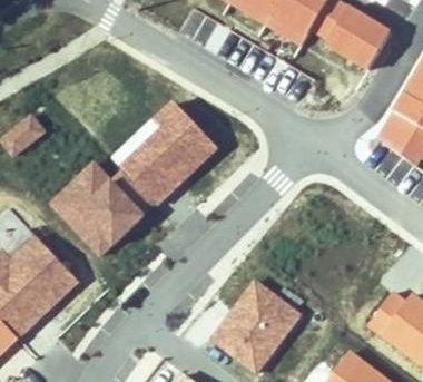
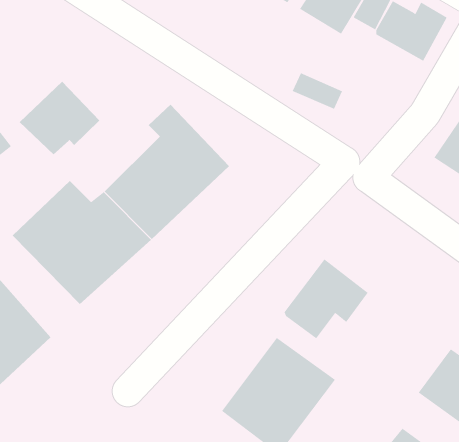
building: none -> [19,81,100,155]
building: none -> [284,259,368,339]

